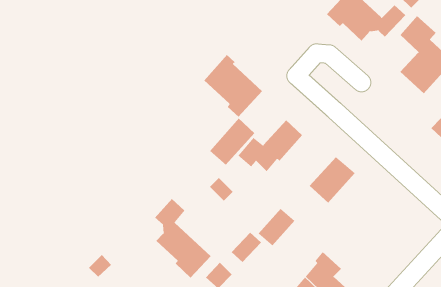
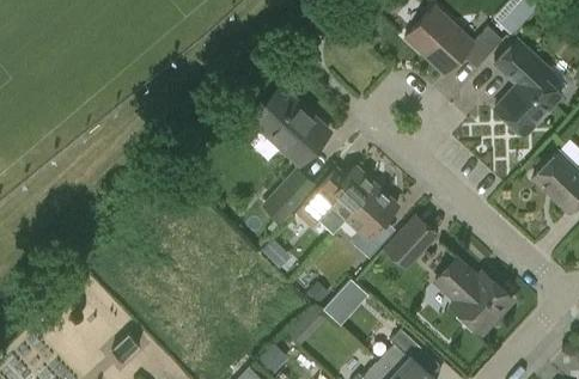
building: none -> [348,188,398,258]
building: none -> [435,259,513,335]
building: [154,198,212,278] -> none

